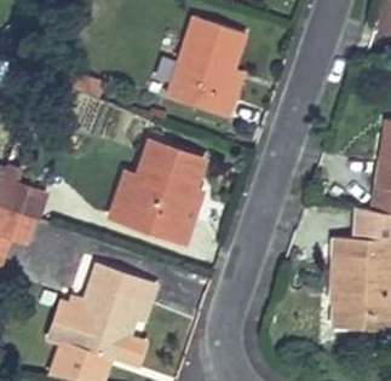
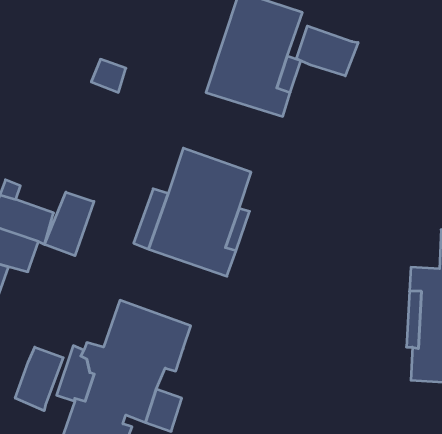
building: none -> [297,26,358,76]
building: none -> [45,192,94,256]
building: none -> [15,347,63,411]

